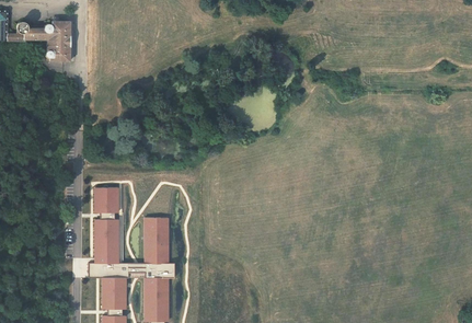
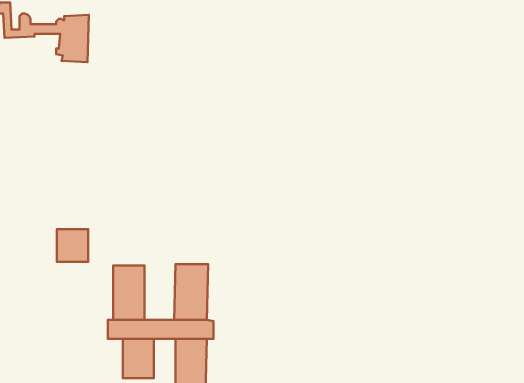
building: [93,189,118,216] -> [57,229,88,262]

